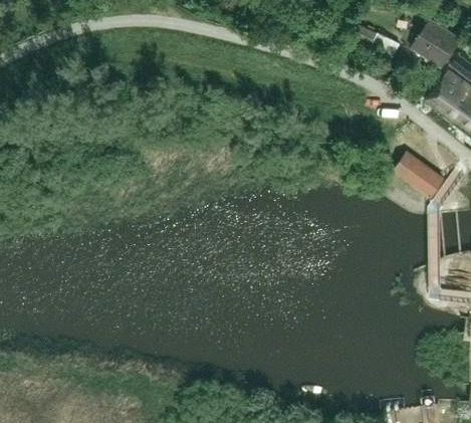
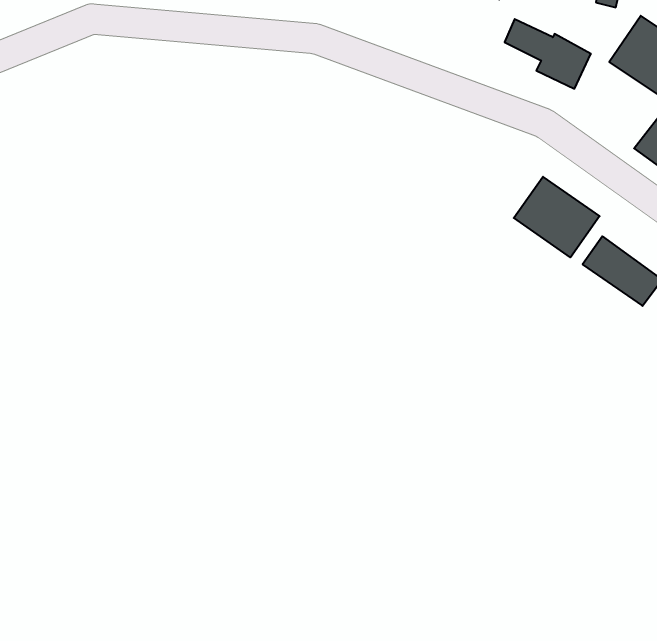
building: none -> [514,177,600,257]

